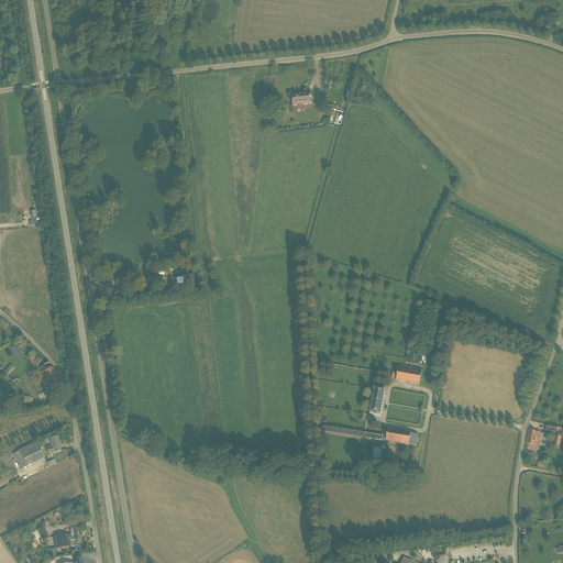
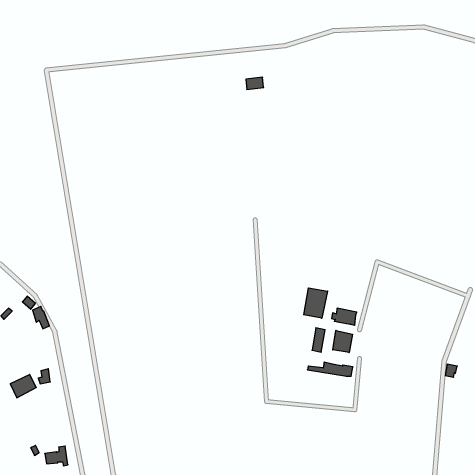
building: none -> [304,288,328,318]
building: none -> [333,330,352,353]

